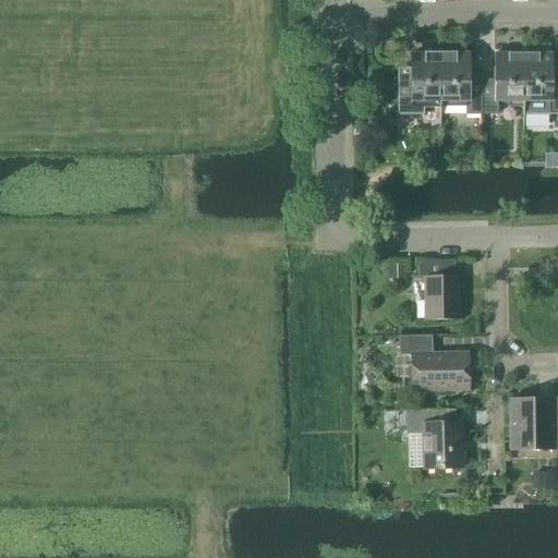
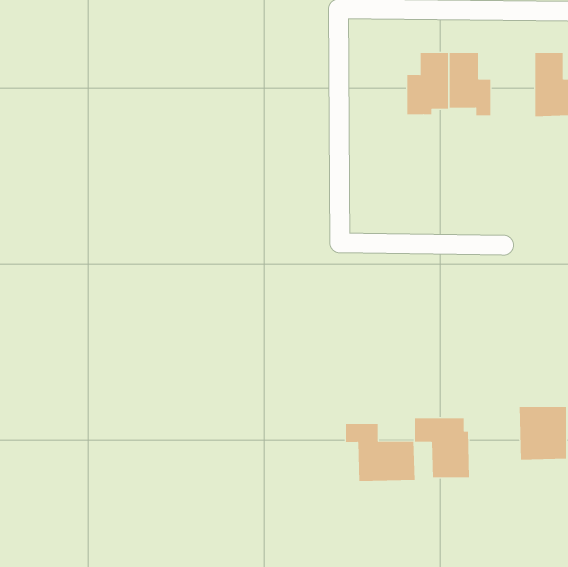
building: [482,51,524,113] -> none
building: [420,259,459,319] -> none
building: [400,335,469,391] -> [345,423,415,481]

